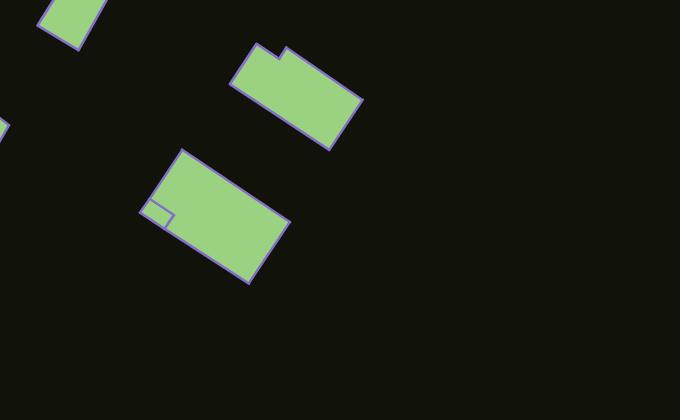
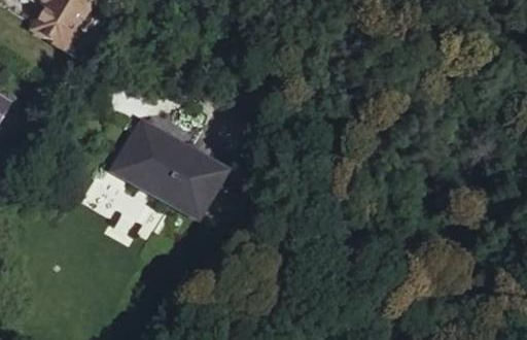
building: [230,44,363,150] -> none

